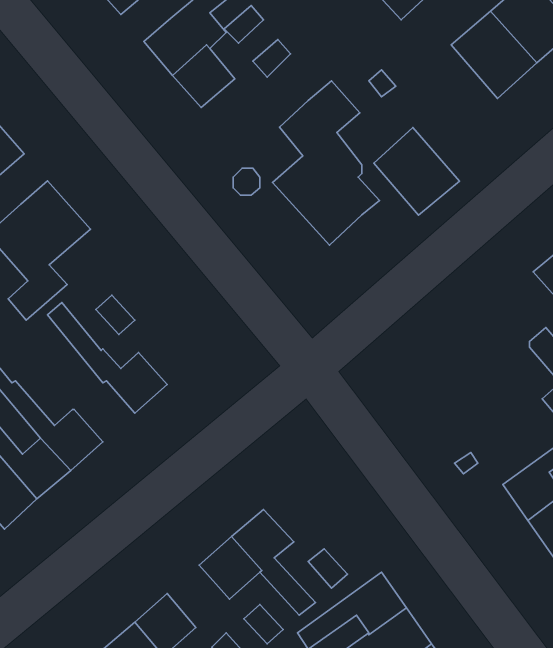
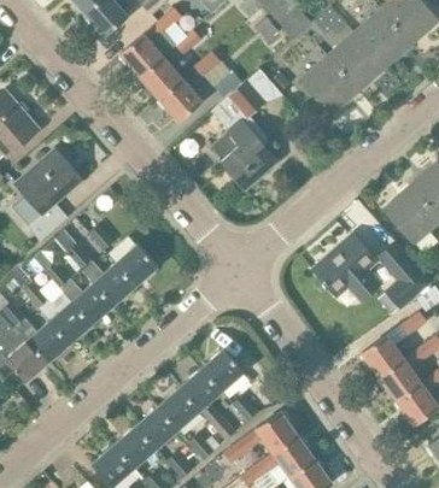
building: none -> [158,78,200,120]
building: [374,128,459,215] -> [300,55,358,114]
building: none -> [314,235,381,304]
building: none -> [116,243,157,284]
building: none -> [33,251,113,323]
building: none -> [200,348,242,390]
building: none -> [135,406,177,448]

